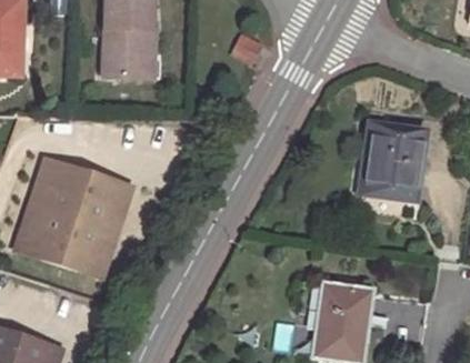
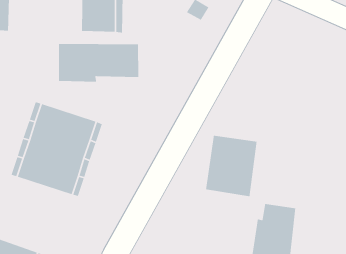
building: none -> [58,43,139,82]
building: [360,122,424,199] -> [205,135,258,197]

